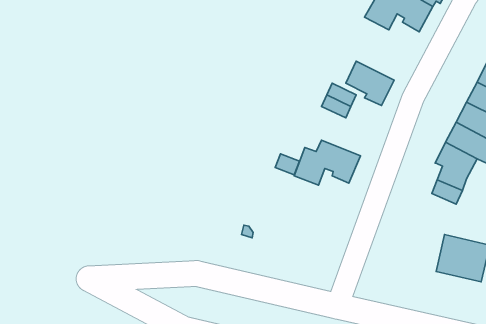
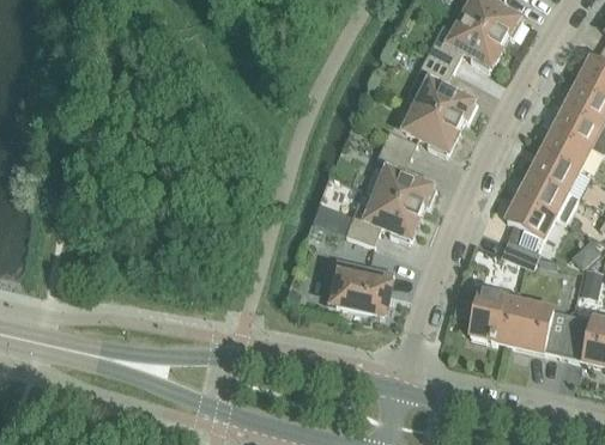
building: none -> [416,51,476,123]
building: none -> [376,165,435,209]
building: none -> [326,257,392,313]
building: none -> [468,281,519,341]

